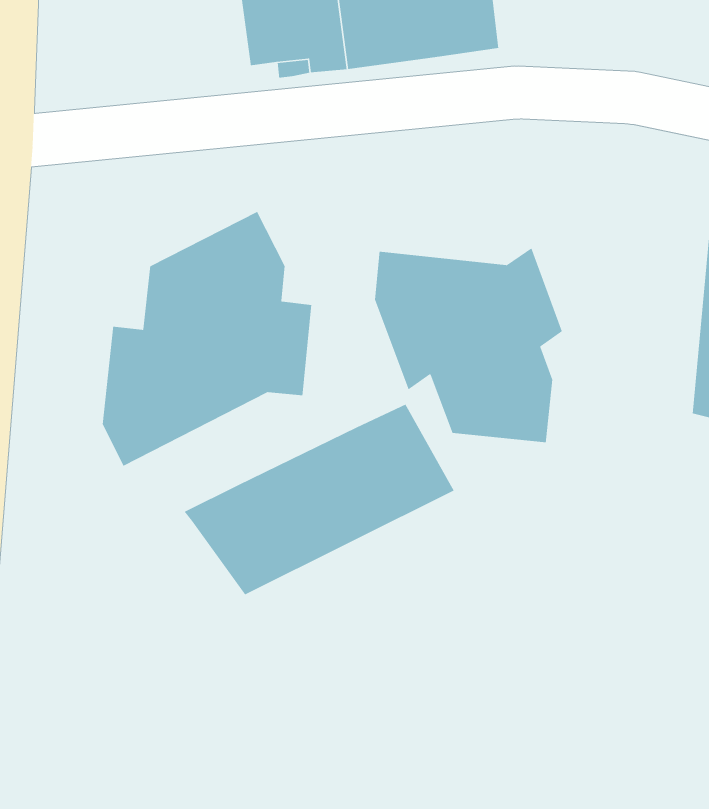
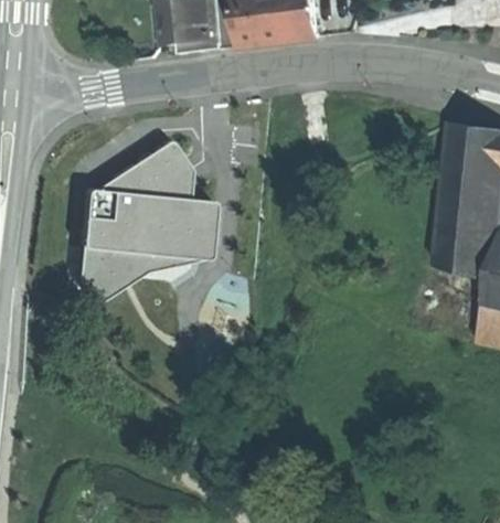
building: [374,247,563,443] -> none
building: [184,403,455,596] -> none

